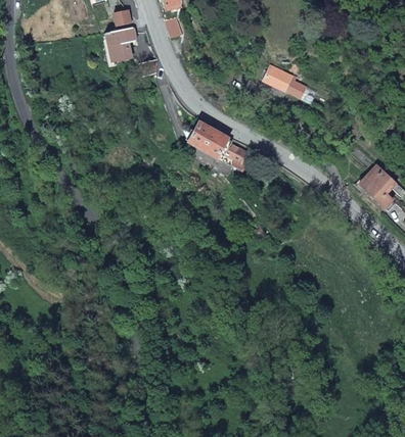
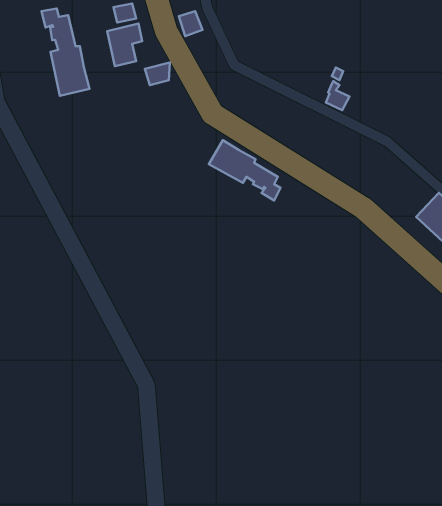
building: none -> [42,9,89,96]
building: [262,65,289,90] -> none

